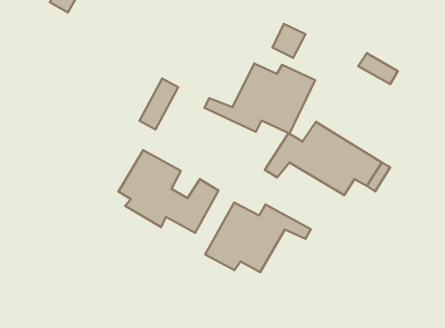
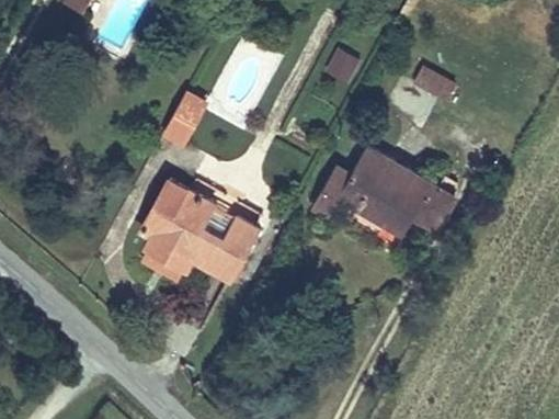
building: [204,64,315,133] -> none
building: [205,203,311,272] -> none

